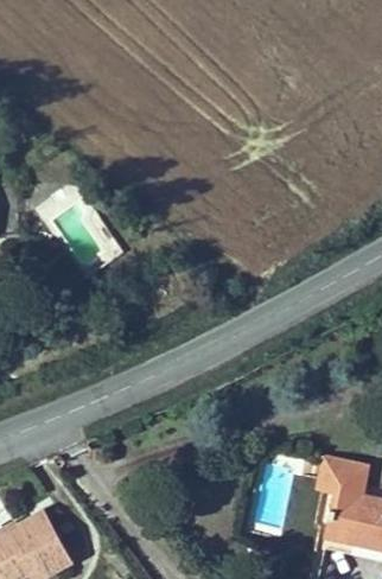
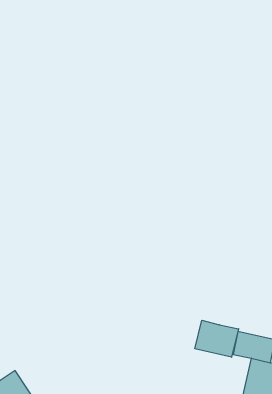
building: none -> [195,320,239,357]

